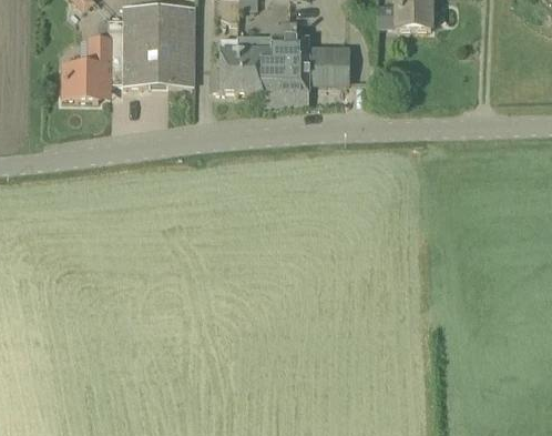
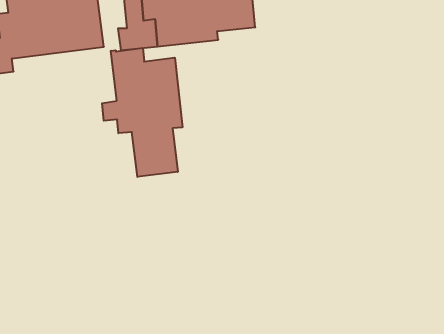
building: none -> [102,48,182,177]

